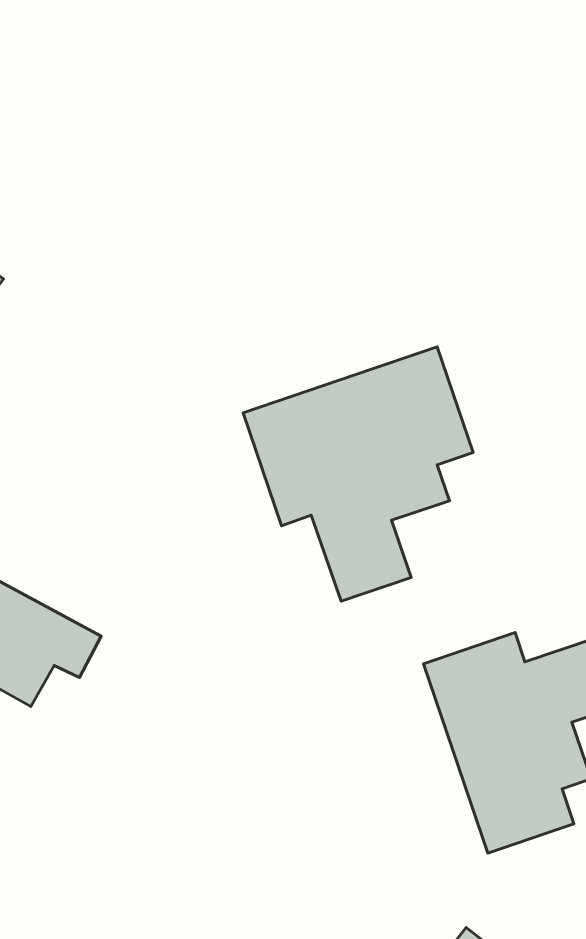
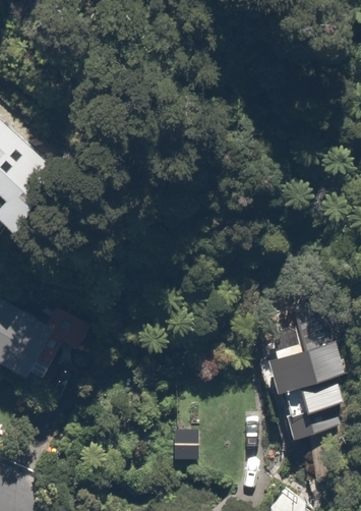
building: [243,347,473,601] -> none

